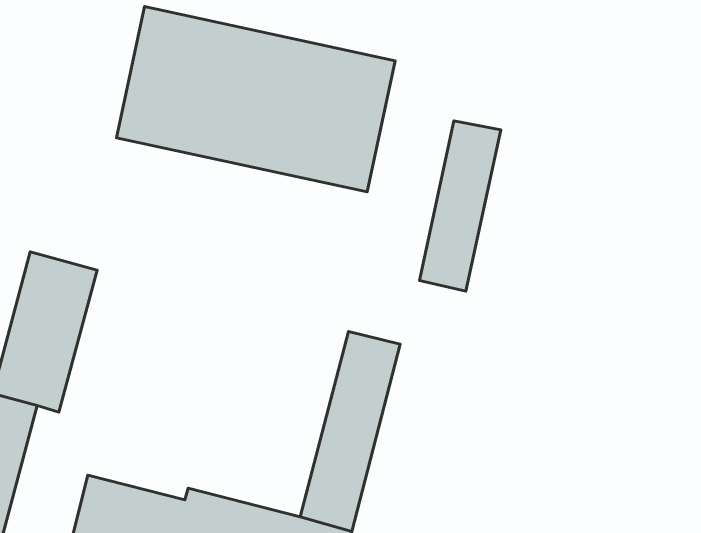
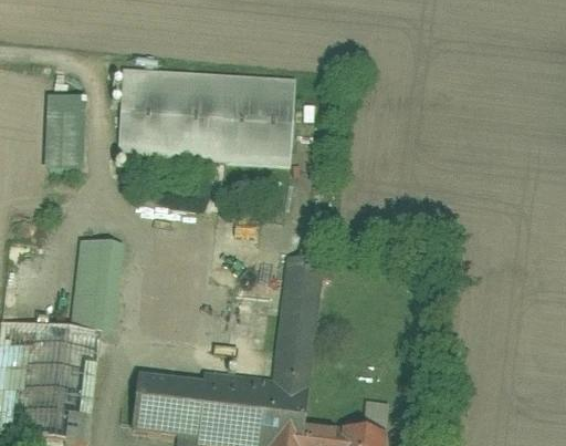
building: none -> [53,95,92,170]
building: [419,121,501,291] -> none

